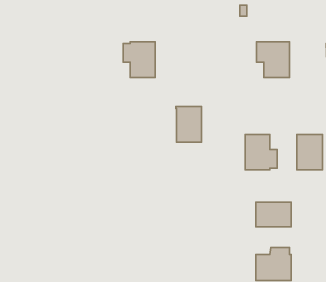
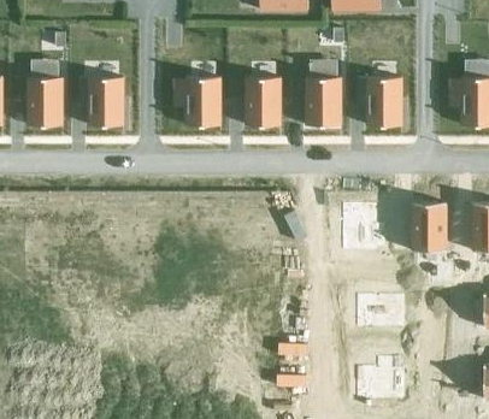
building: none -> [28,77,61,125]
building: none -> [78,77,122,125]
building: none -> [306,77,340,125]
building: [176,107,202,142] -> [244,77,279,125]

